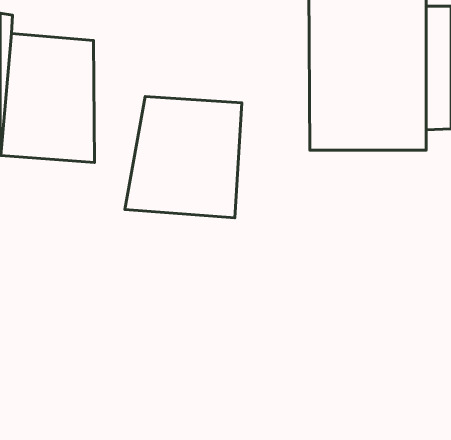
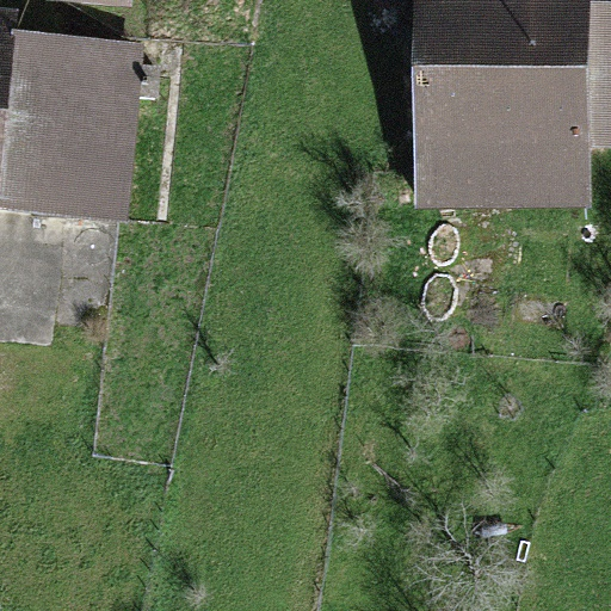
building: [125,96,242,218] -> none

